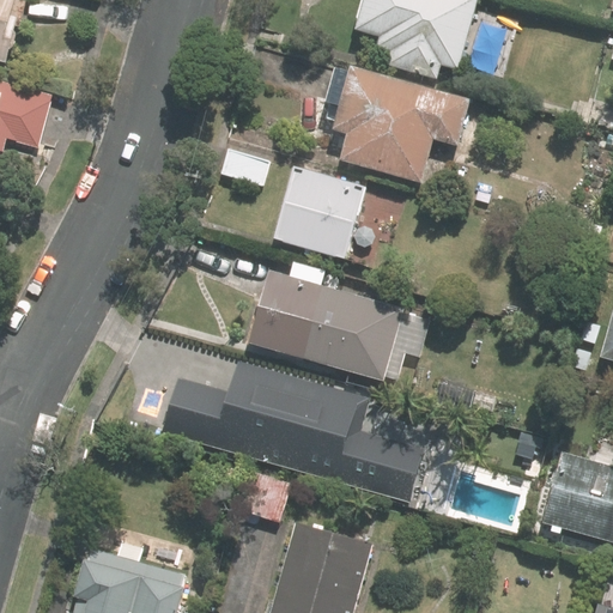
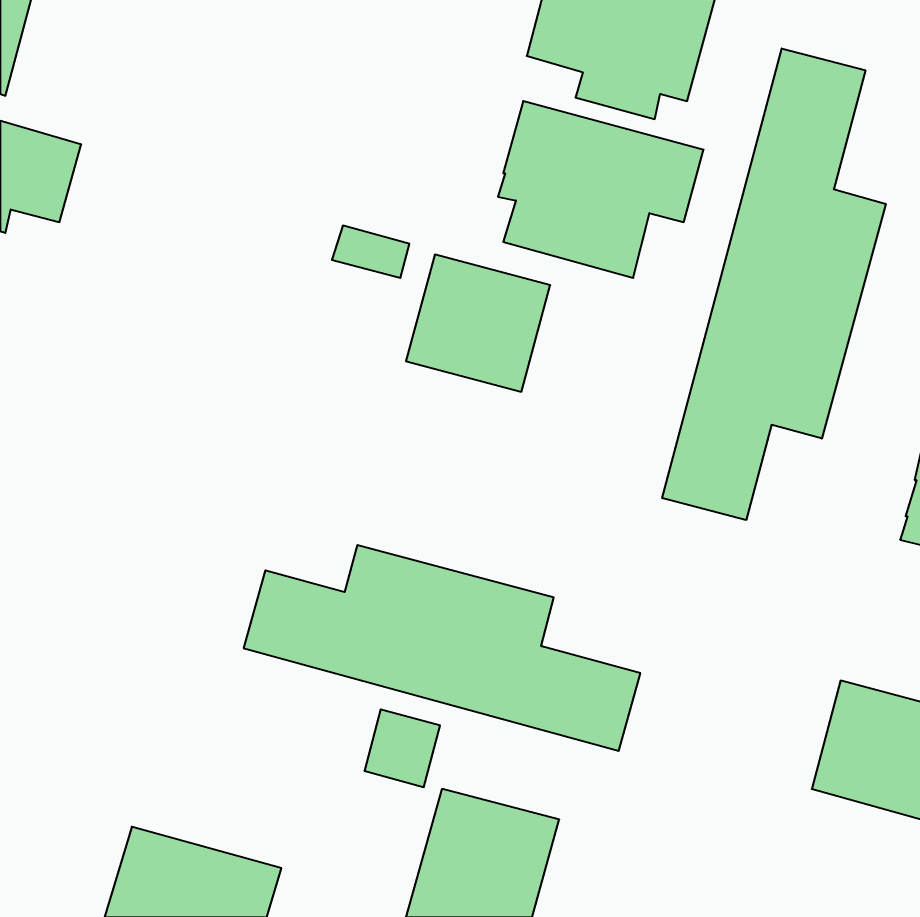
building: none -> [662,48,886,520]
building: [245,272,402,382] -> none

